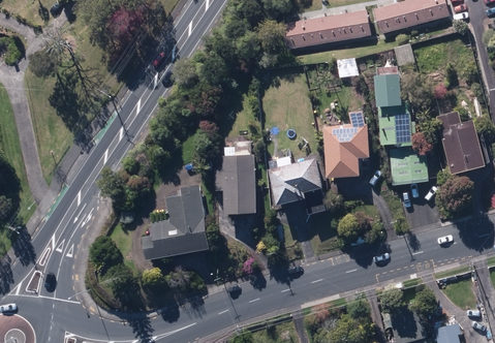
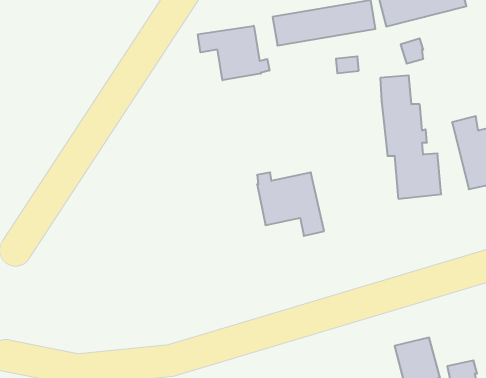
building: none -> [198,26,269,80]
building: [323,112,369,178] -> none
building: [215,142,255,214] -> none
building: [143,184,208,258] -> none

